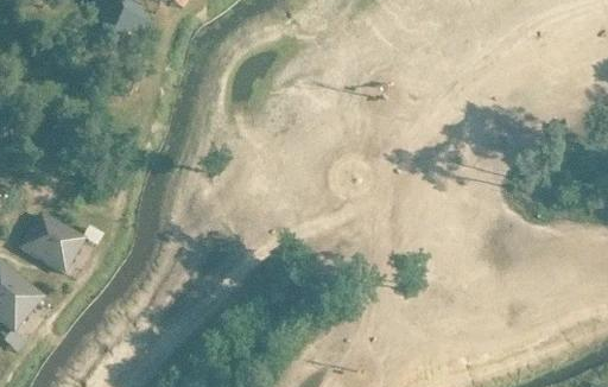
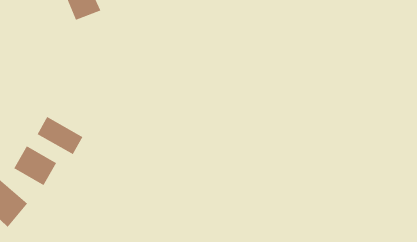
building: none -> [36,116,83,155]

